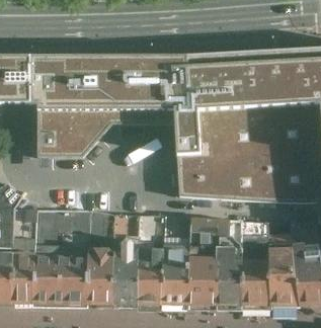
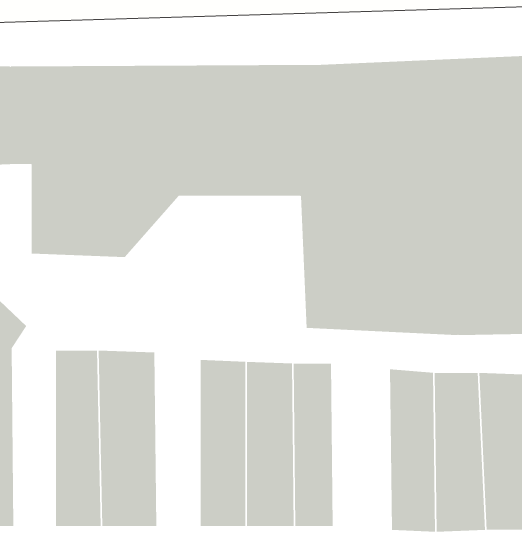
building: [19,209,43,306] -> none
building: [97,211,122,306] -> none
building: [193,217,226,308] -> none

